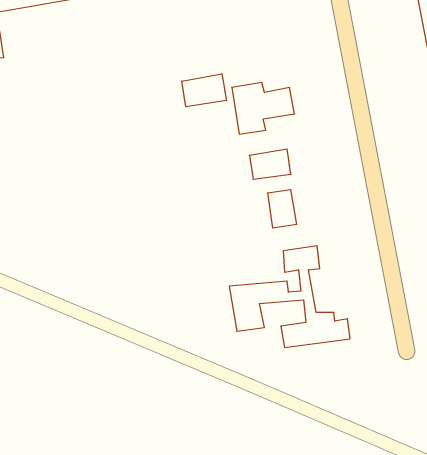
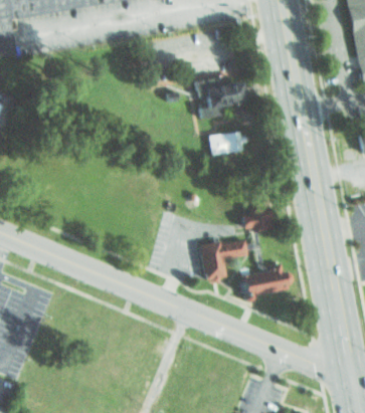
building: [182,74,226,107] -> none
building: [268,189,297,228] -> none

